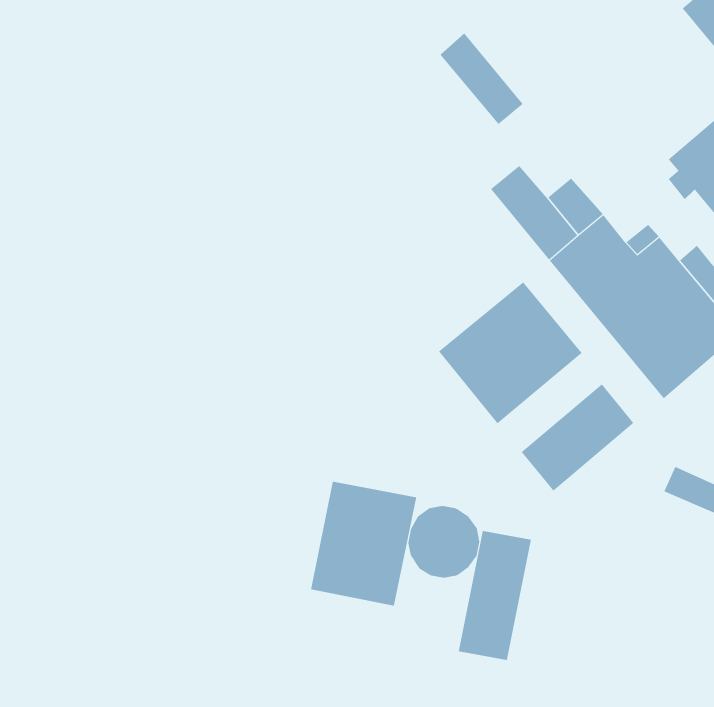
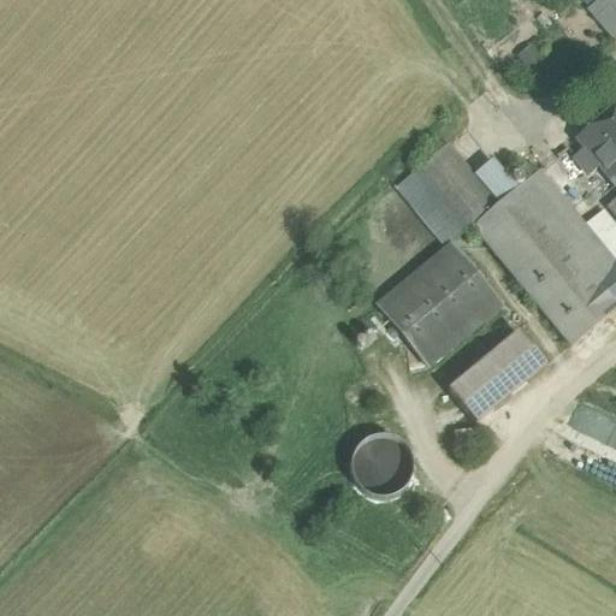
building: [439,32,523,125] -> [401,162,473,242]
building: none -> [520,168,558,208]
building: [311,481,417,607] -> none
building: [458,530,531,661] -> none

